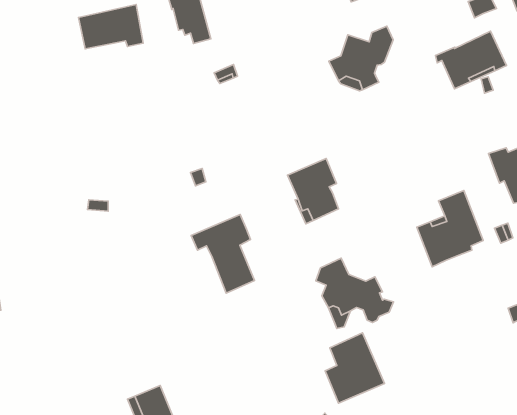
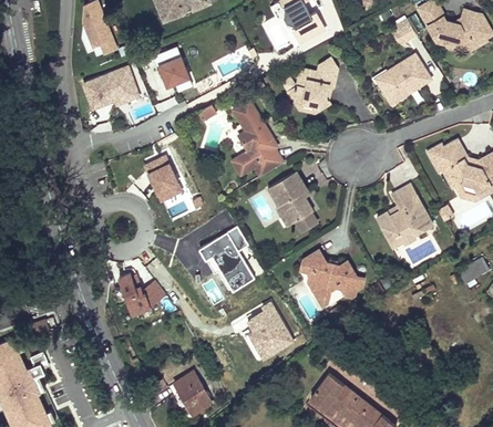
building: none -> [230,100,284,178]
building: none -> [144,152,183,200]
building: none -> [120,272,164,312]
building: [325,333,385,403] -> [246,301,295,360]

